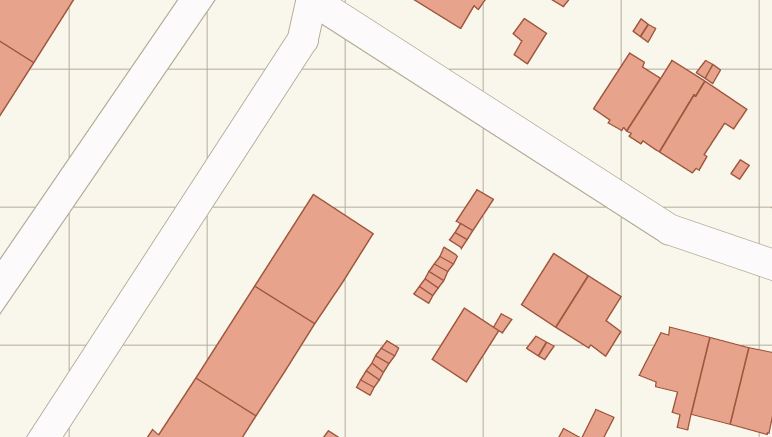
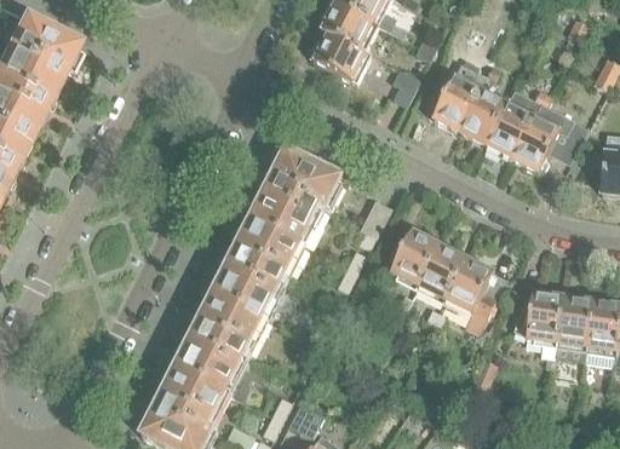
building: none -> [431,61,487,131]
building: none -> [252,149,340,242]
building: [432,308,499,382] -> [390,229,438,284]

